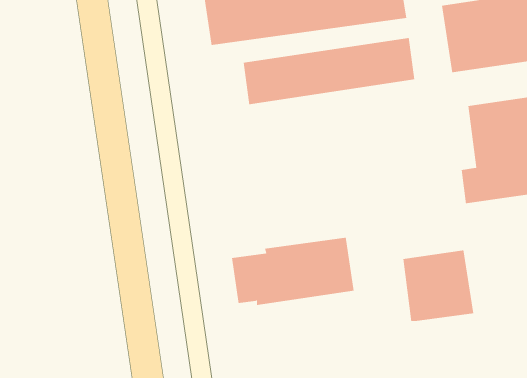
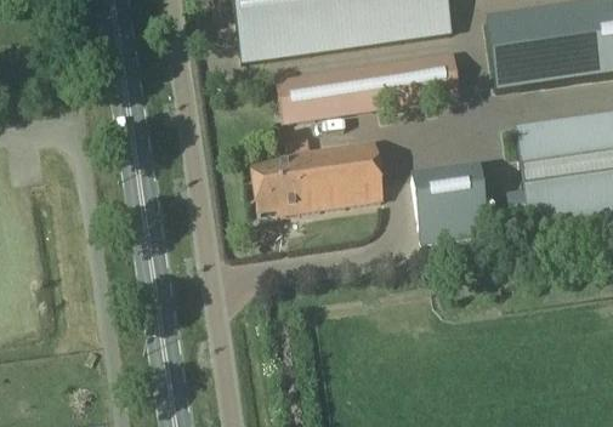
building: [231,237,354,306] -> [251,142,382,215]
building: [402,250,474,322] -> [413,165,489,241]

